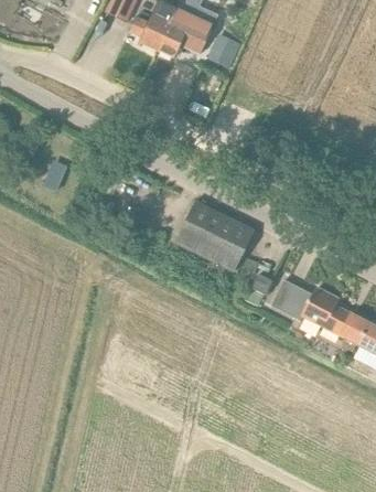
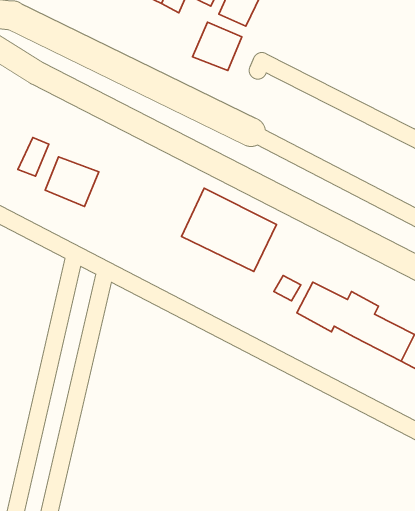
building: none -> [192,22,242,70]
building: none -> [45,157,99,206]

